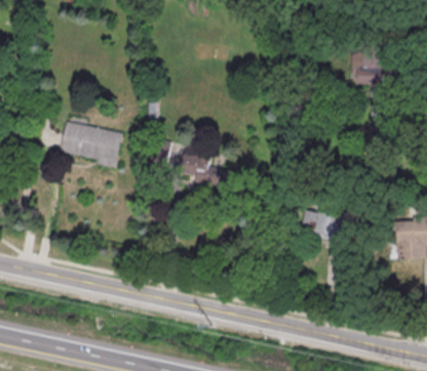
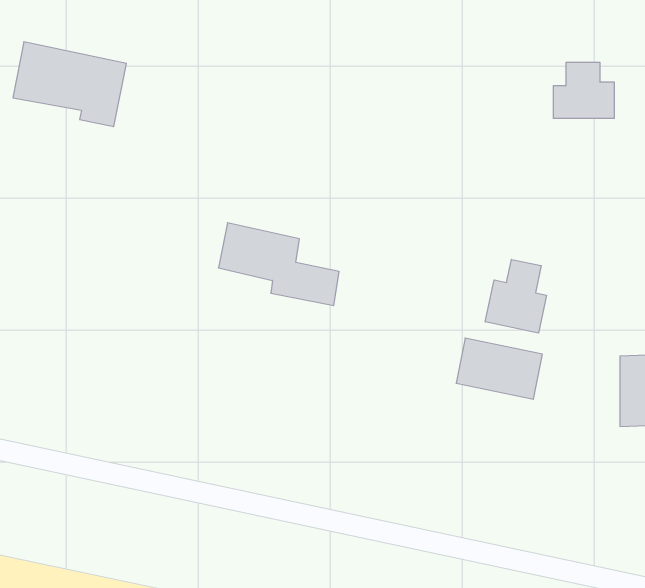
building: [56,120,121,168] -> [13,42,126,127]
building: none -> [485,259,546,333]

